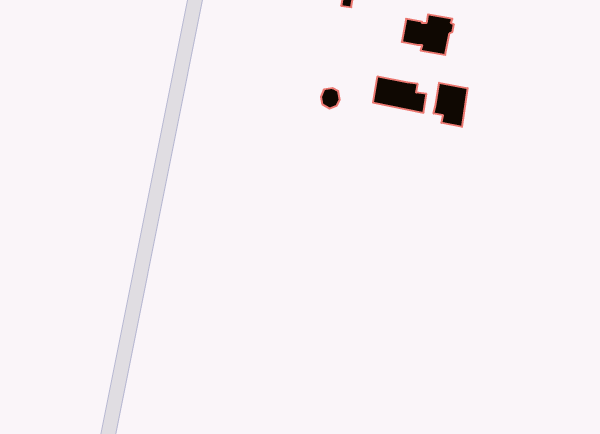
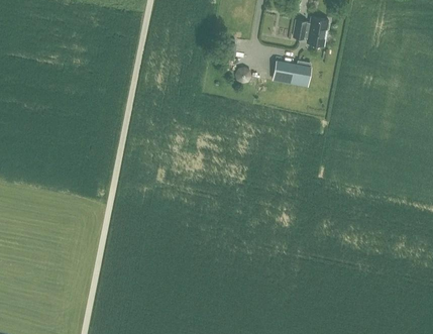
building: [434,83,468,127] -> none

